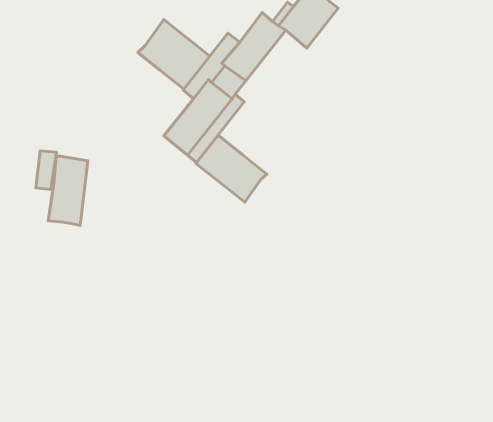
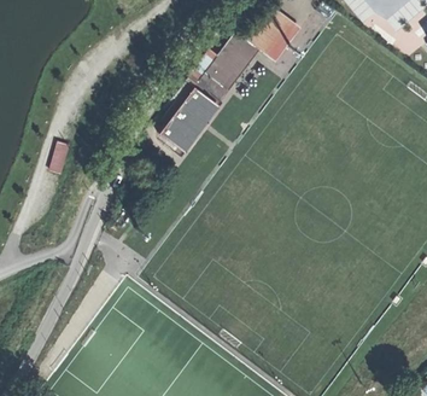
building: [138,20,210,89] -> none
building: [196,135,267,202] -> none
building: [48,156,88,226] -> none

